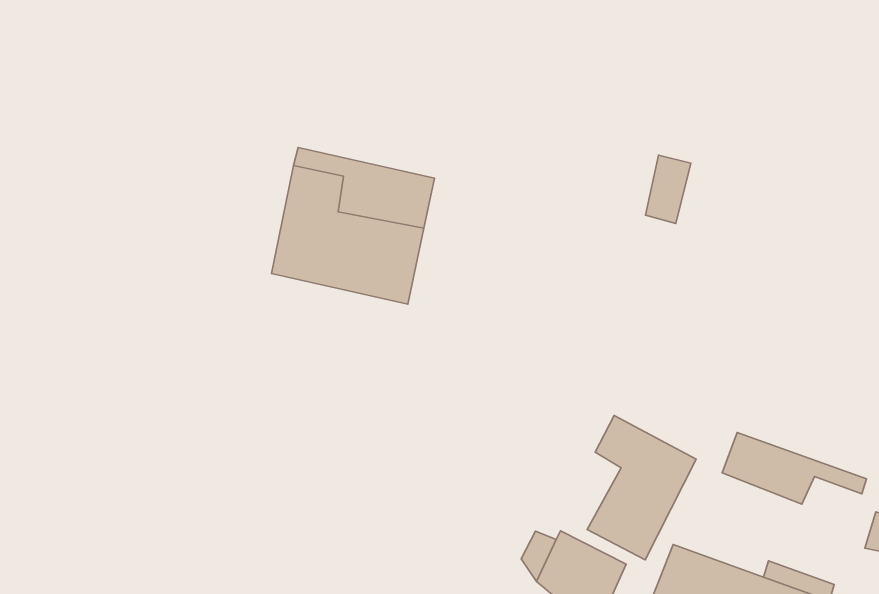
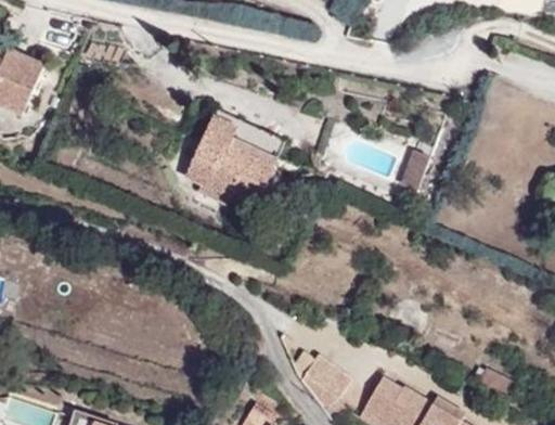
building: [587,416,696,560] -> none
building: [722,432,867,504] -> none

